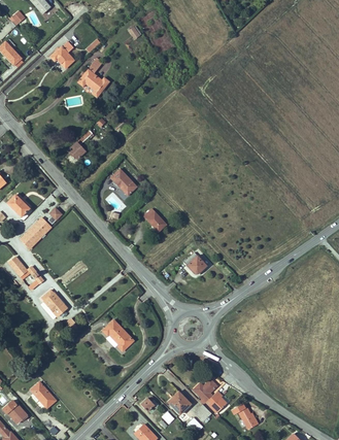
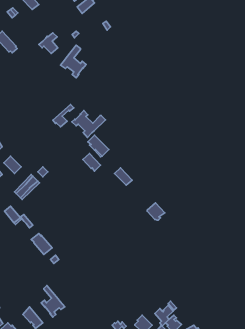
building: none -> [72,111,105,138]
building: [102,319,134,351] -> none
building: none -> [41,286,65,317]

